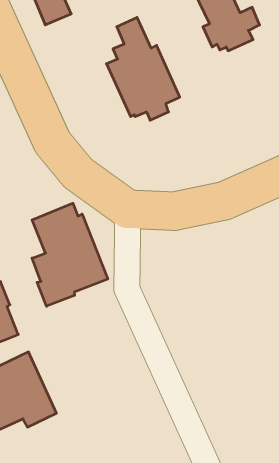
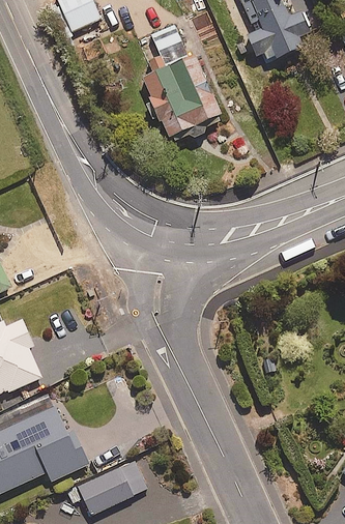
building: [32,203,108,306] -> none
building: none -> [67,462,146,516]

